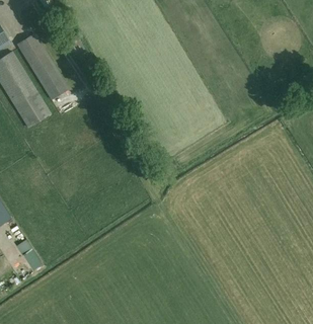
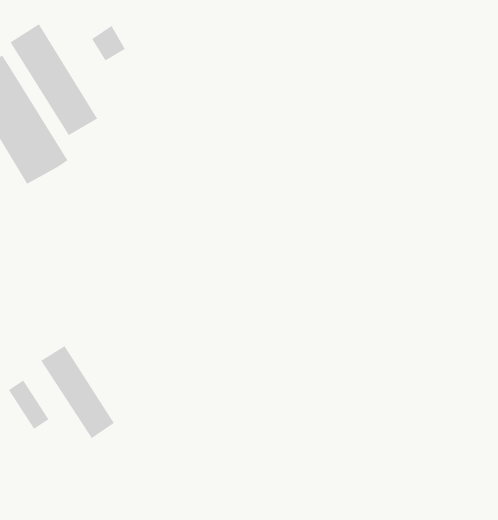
building: none -> [40,345,115,439]

